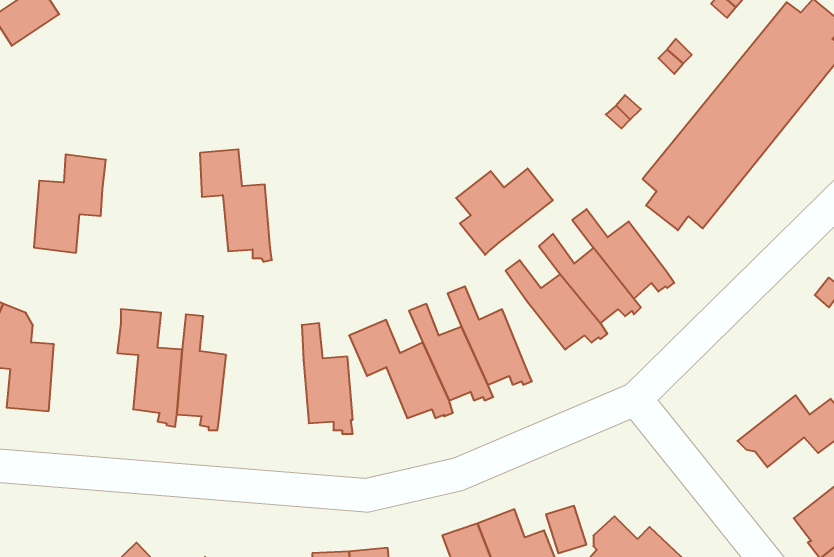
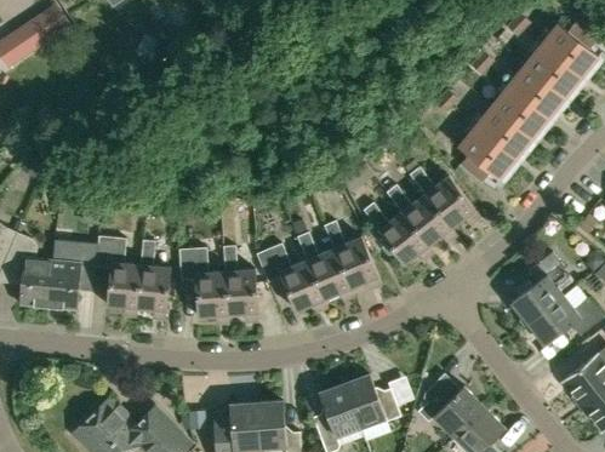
building: [200,149,272,262] -> [179,246,229,324]
building: [34,154,106,253] -> [48,241,98,309]
building: [456,168,553,255] -> none
building: none -> [512,251,564,326]

